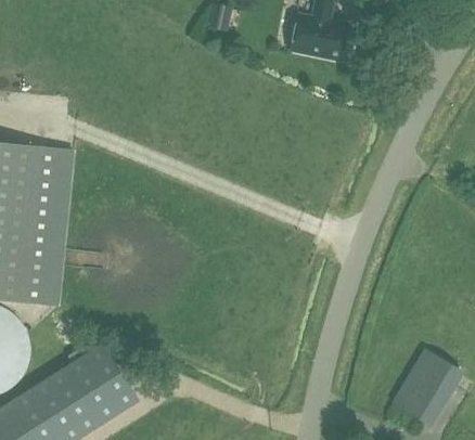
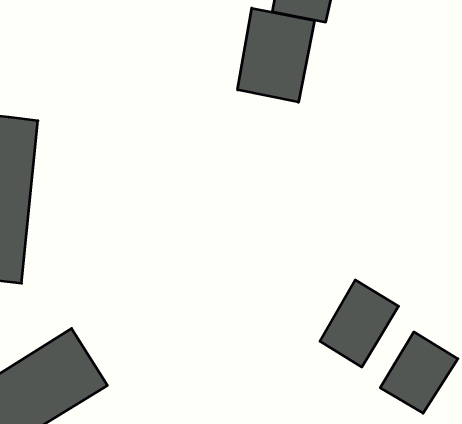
building: none -> [238,8,314,102]
building: none -> [320,280,399,367]

